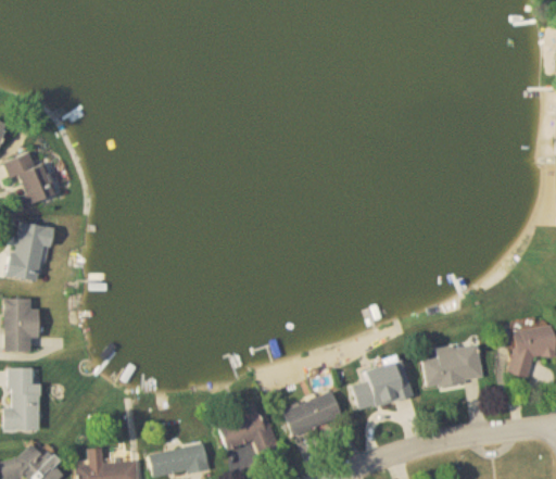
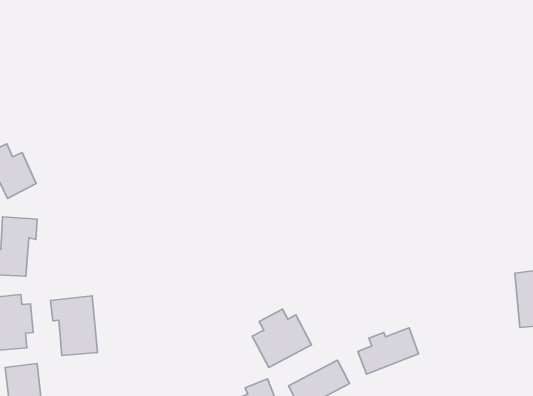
building: none -> [50,296,98,355]
building: none -> [252,309,311,367]
building: [424,344,483,388] -> none

